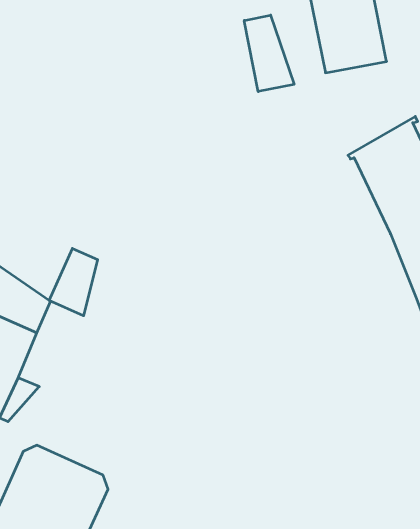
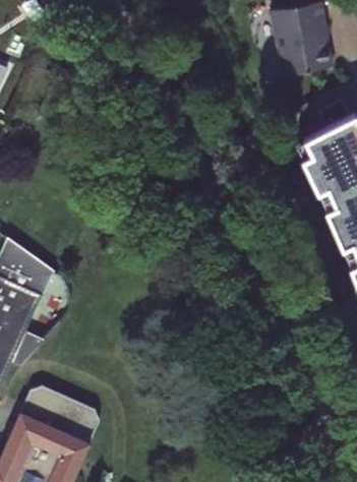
building: [244,15,294,92] -> none
building: [49,248,98,316] -> none

